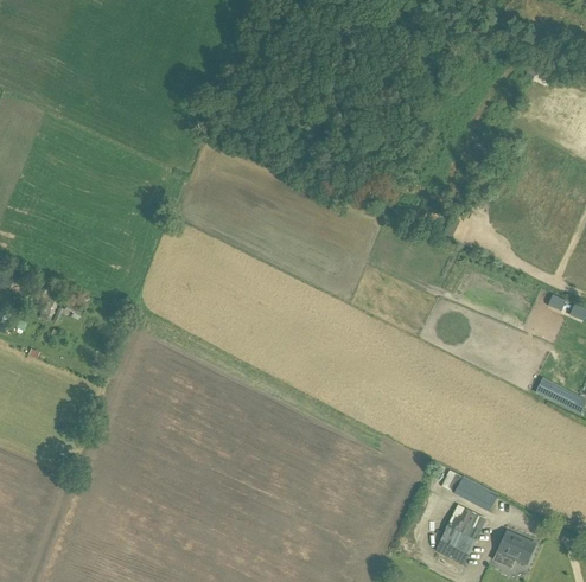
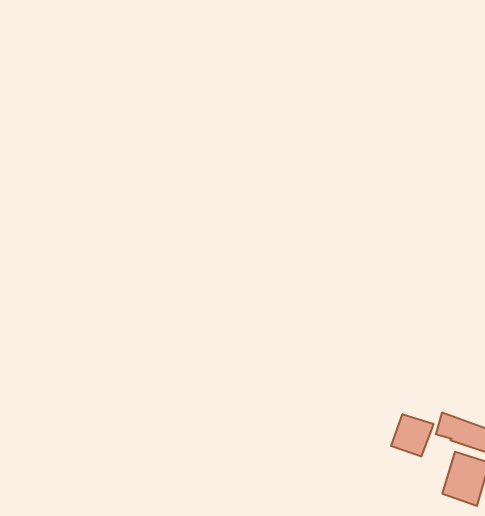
building: none -> [391,414,433,457]

